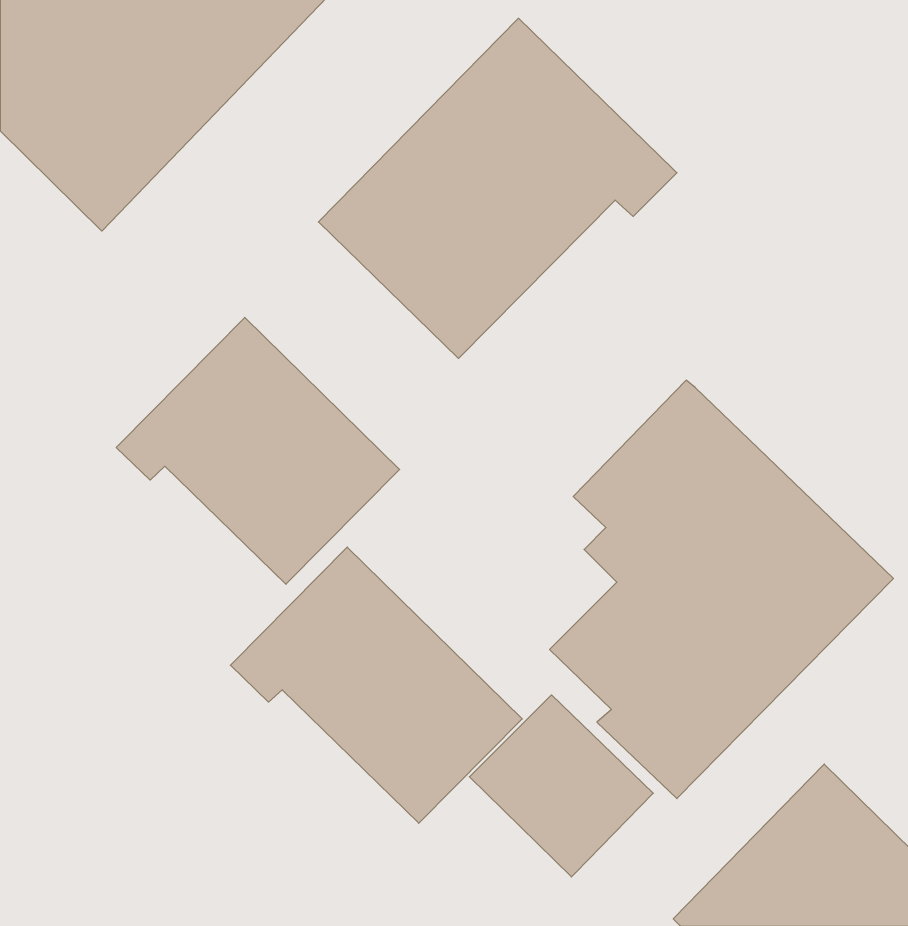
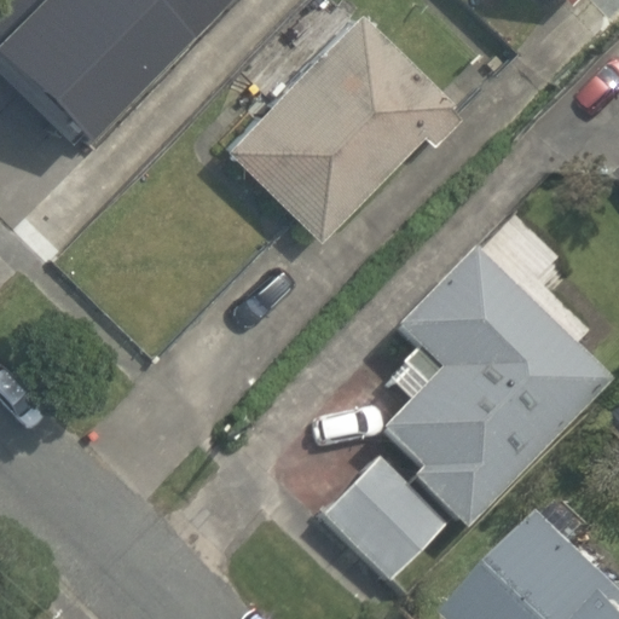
building: [116,317,400,584] -> none
building: [230,547,522,823] -> none

